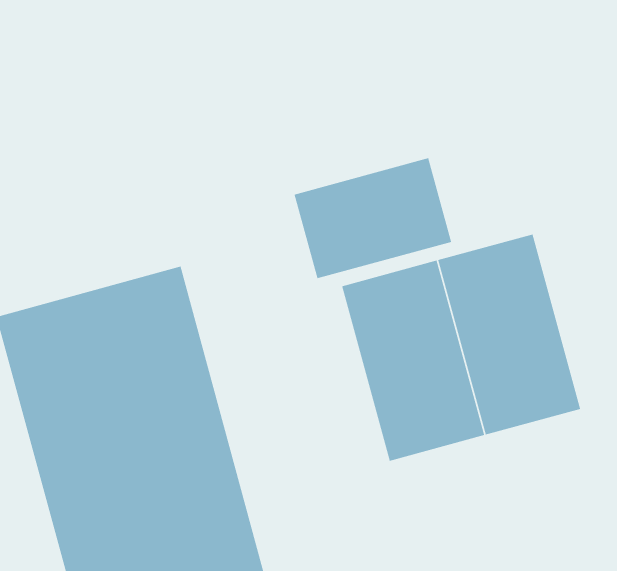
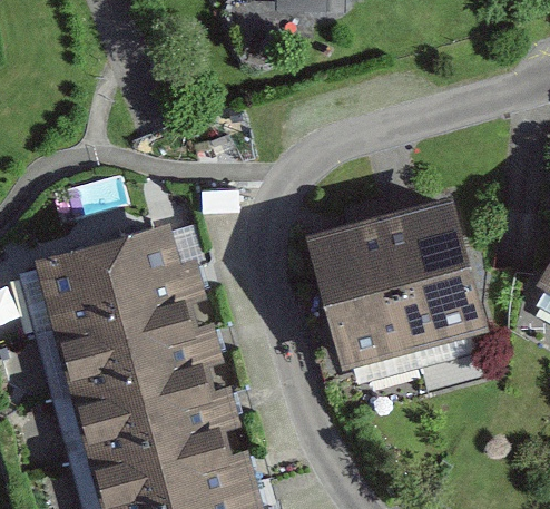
building: [294,157,452,279] -> none

